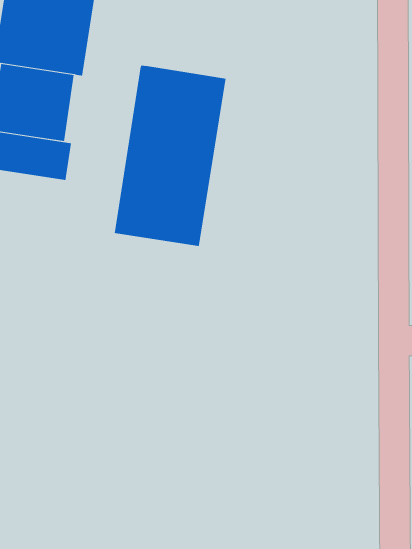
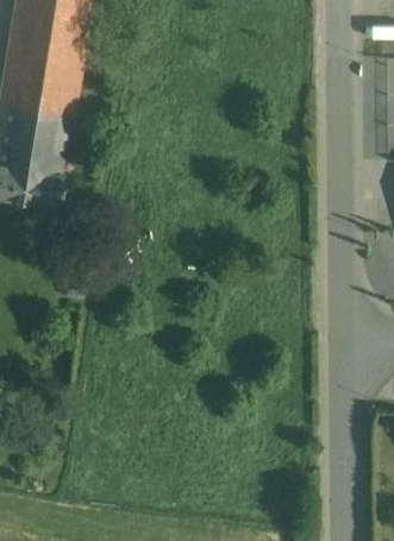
building: [114,65,226,247] -> none

